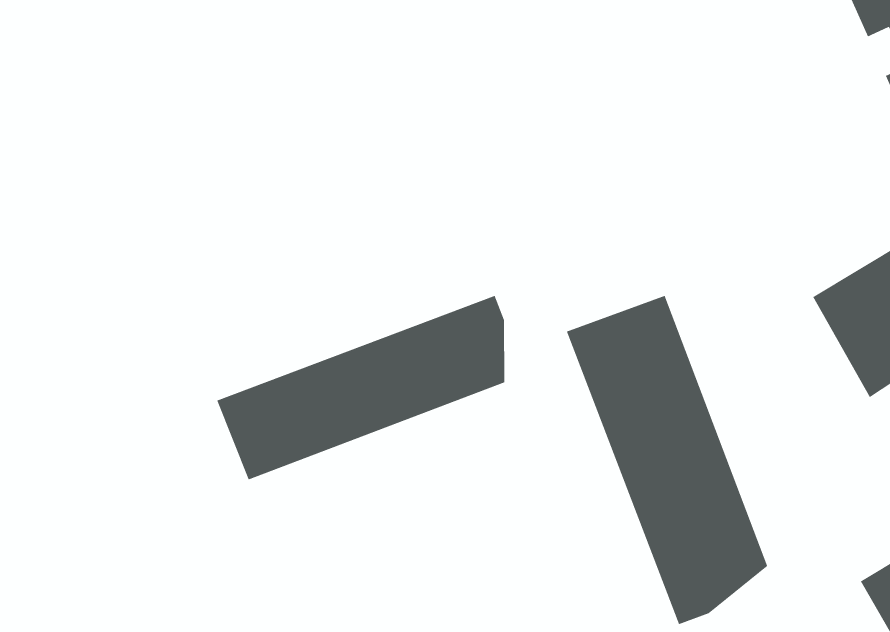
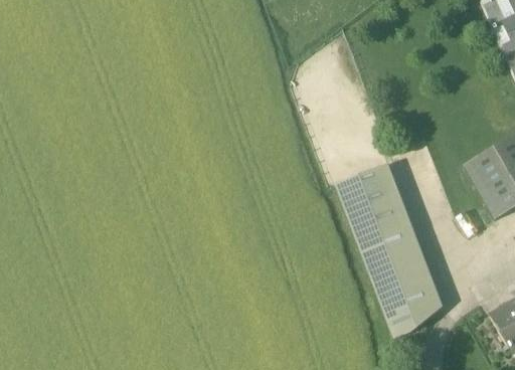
building: [216,295,505,481] -> none

